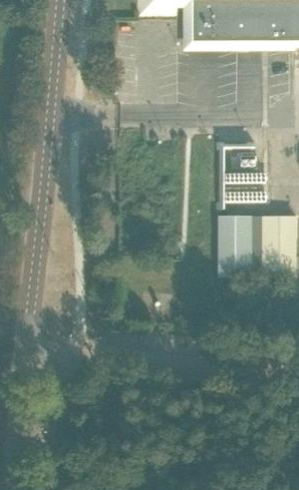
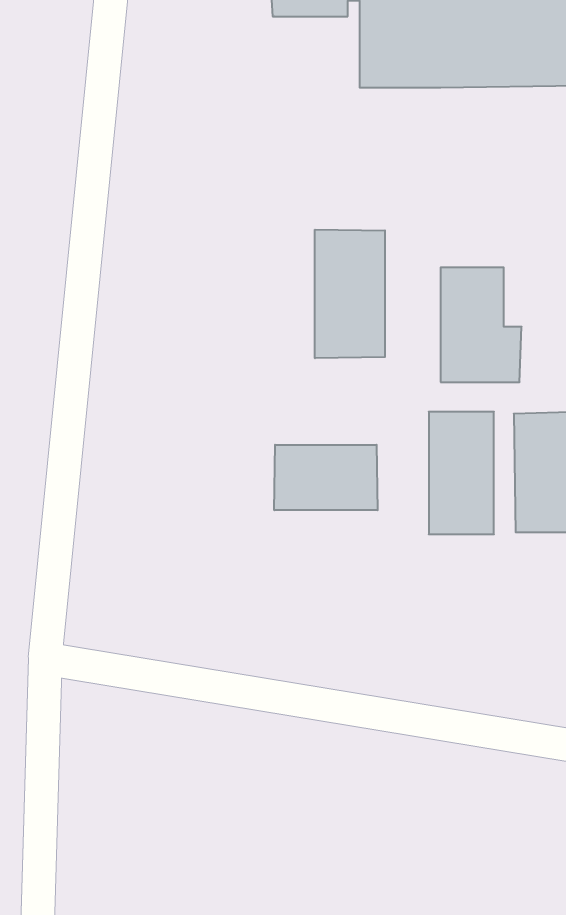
building: none -> [315,230,385,358]
building: none -> [274,445,378,510]

